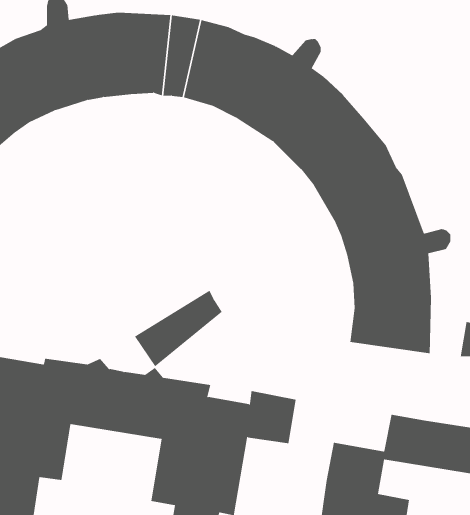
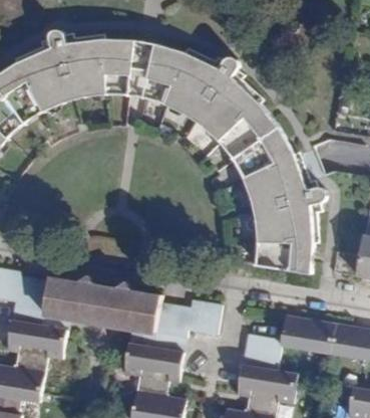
building: [134,290,223,367] -> none

